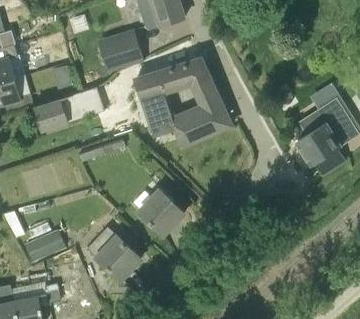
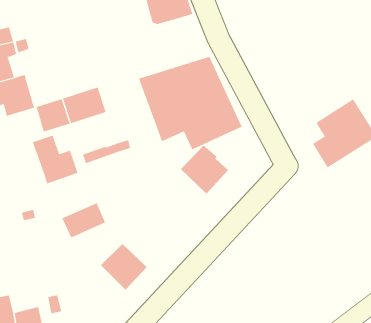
building: [97,28,144,73] -> none
building: none -> [32,135,78,184]
building: [138,188,184,235] -> [180,145,229,194]
building: [23,228,65,262] -> [61,202,106,238]

